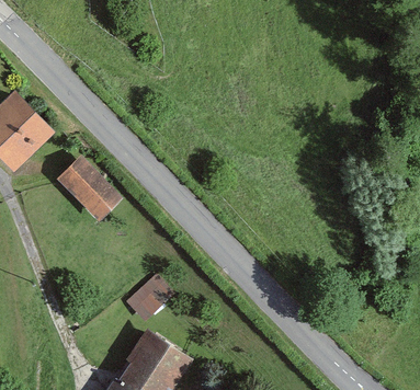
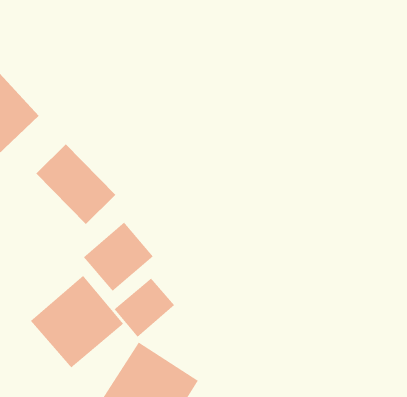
building: none -> [83,221,154,292]
building: none -> [30,275,124,368]

